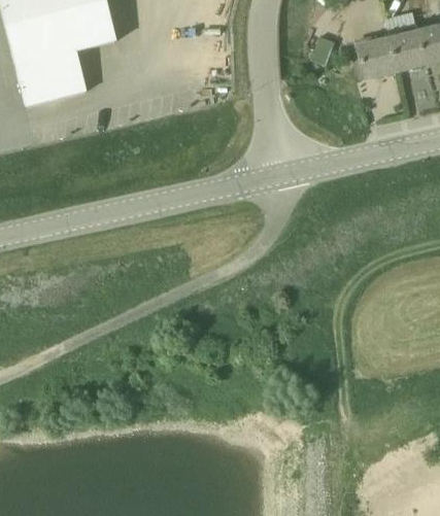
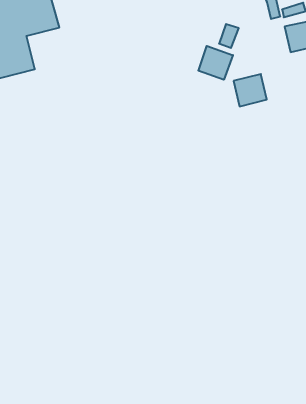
building: [357,38,397,77] -> [234,74,267,106]
building: none -> [198,46,233,80]

